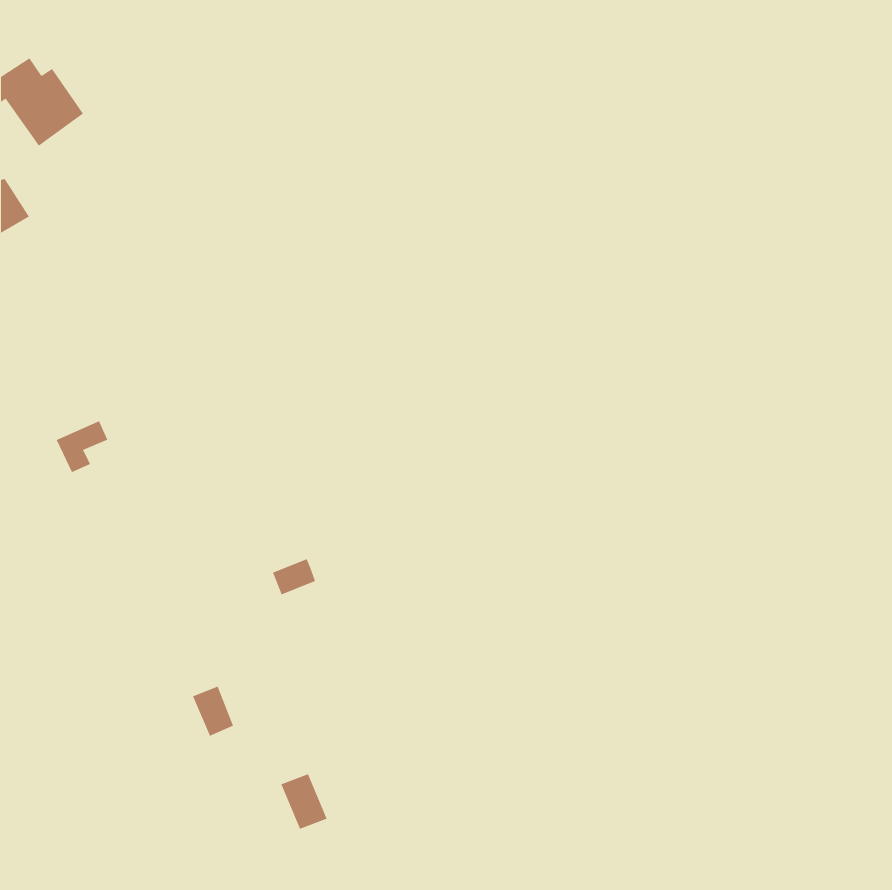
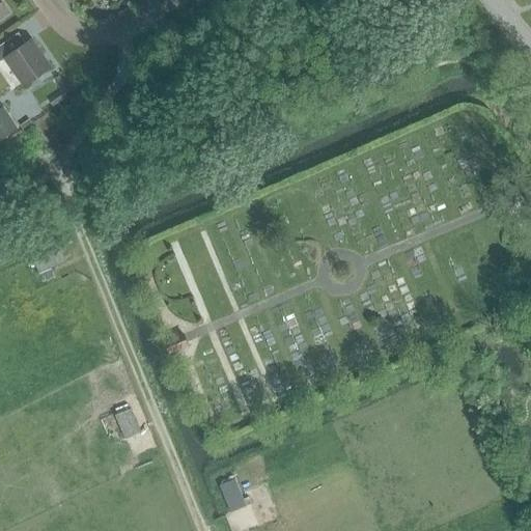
building: [280,774,328,829] -> [218,478,246,511]

